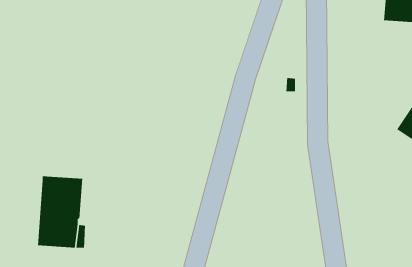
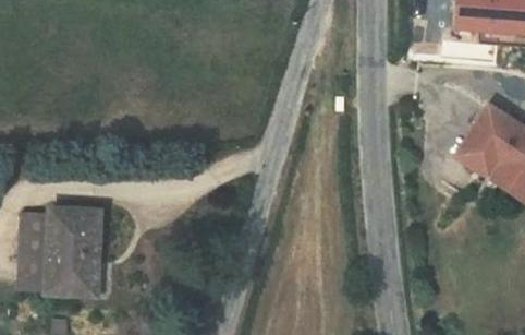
building: none -> [19,214,51,291]

